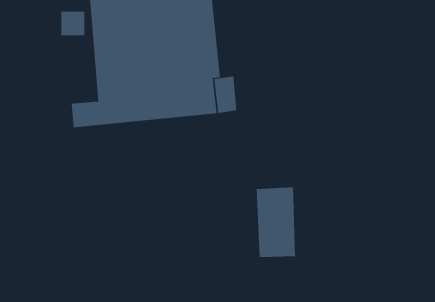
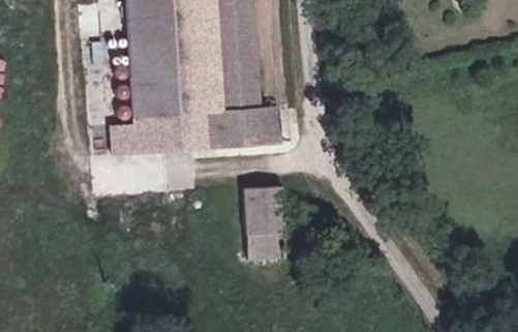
building: [256,187,296,257] -> [244,187,284,259]

